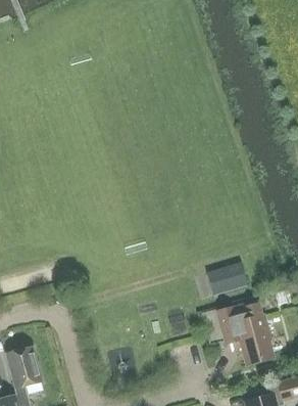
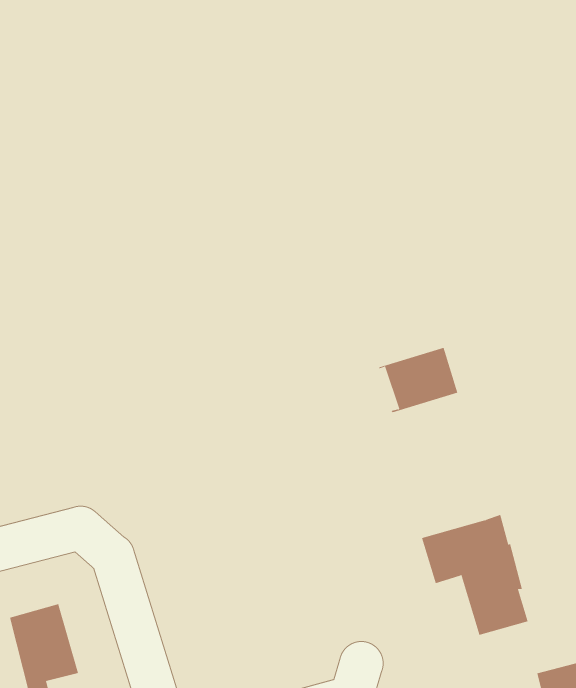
building: [206,262,247,296] -> [379,347,458,413]

